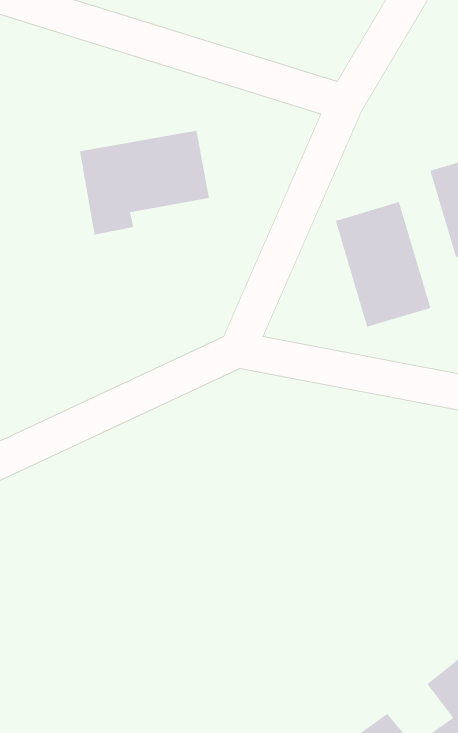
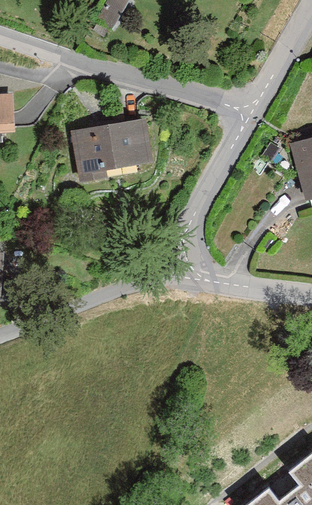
building: [335,201,431,328] -> none

